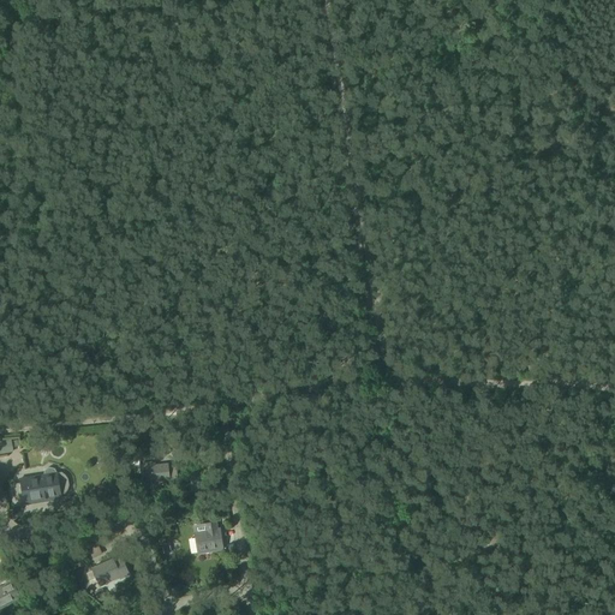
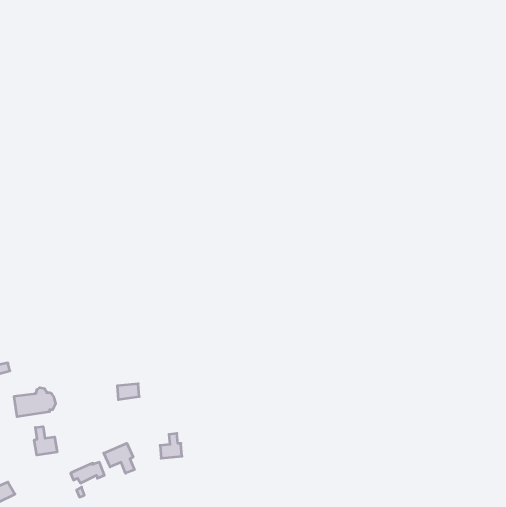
building: none -> [34,427,57,455]
building: none -> [104,443,134,473]

